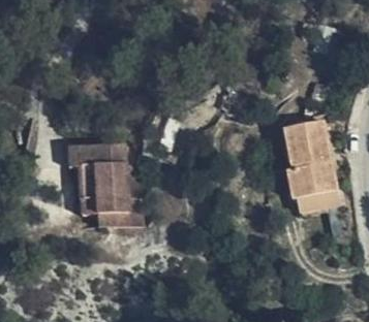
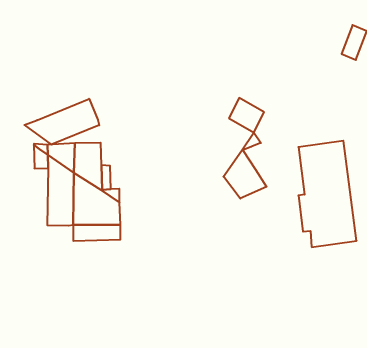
building: none -> [24,99,99,145]
building: none -> [223,132,267,199]

